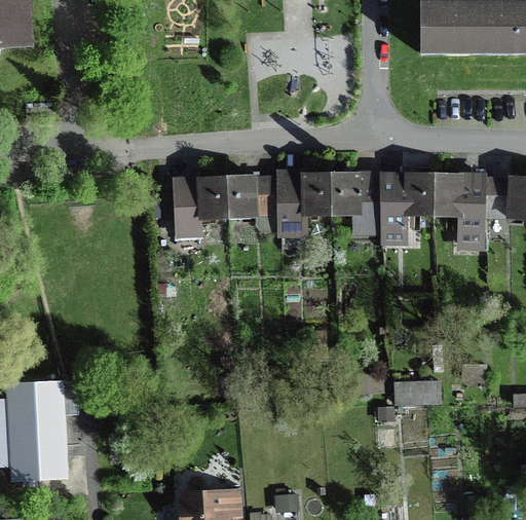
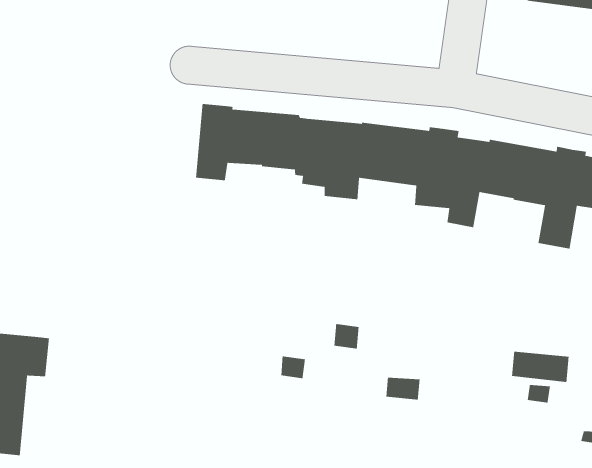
building: [393,379,440,402] -> [511,351,570,383]

